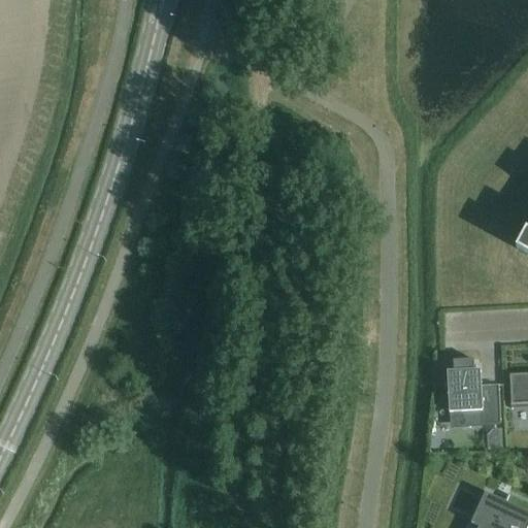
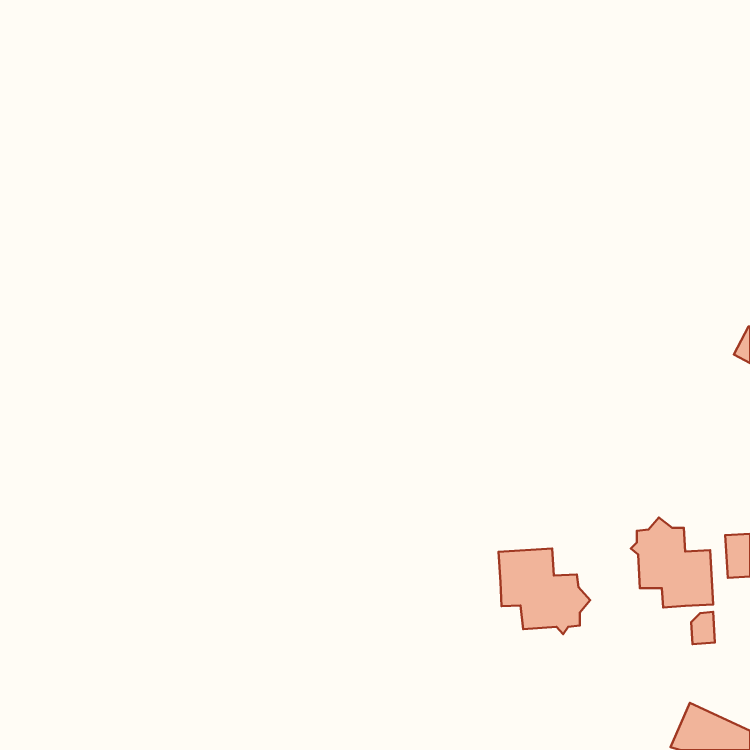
building: none -> [498,548,590,634]

